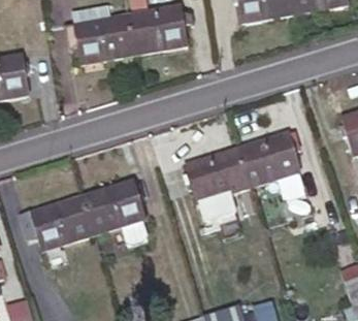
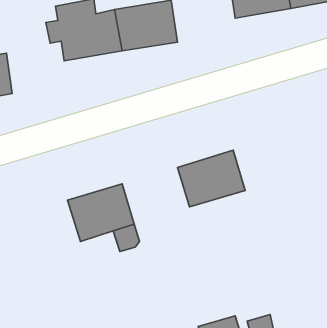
building: [240,131,304,185] -> none
building: [24,194,96,249] -> none

